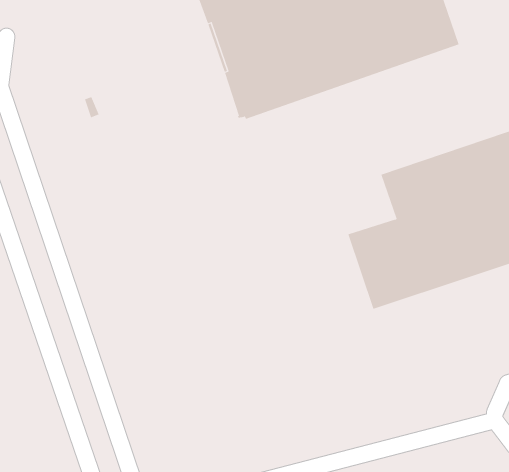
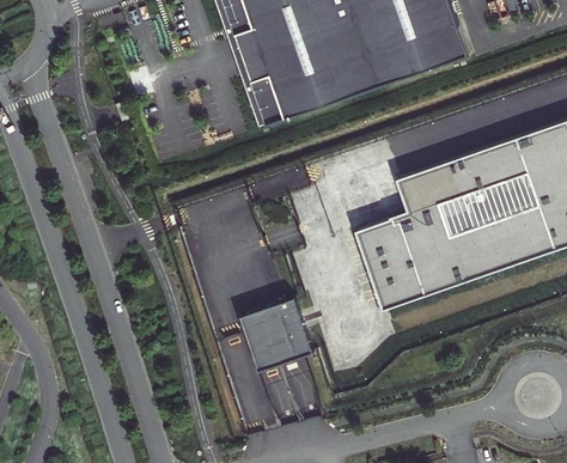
building: none -> [240,298,312,370]

